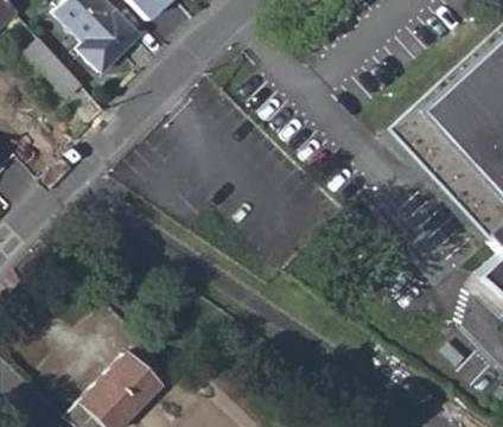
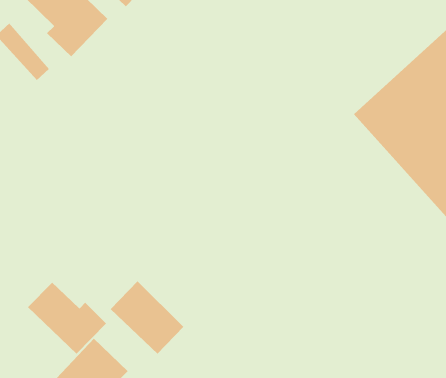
building: none -> [110,280,184,354]
building: none -> [27,282,107,355]

